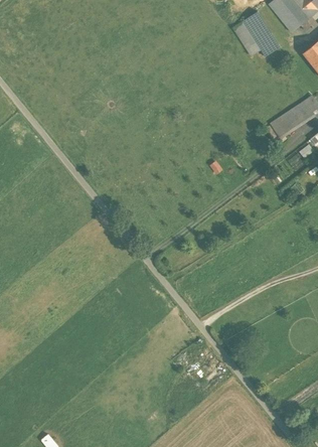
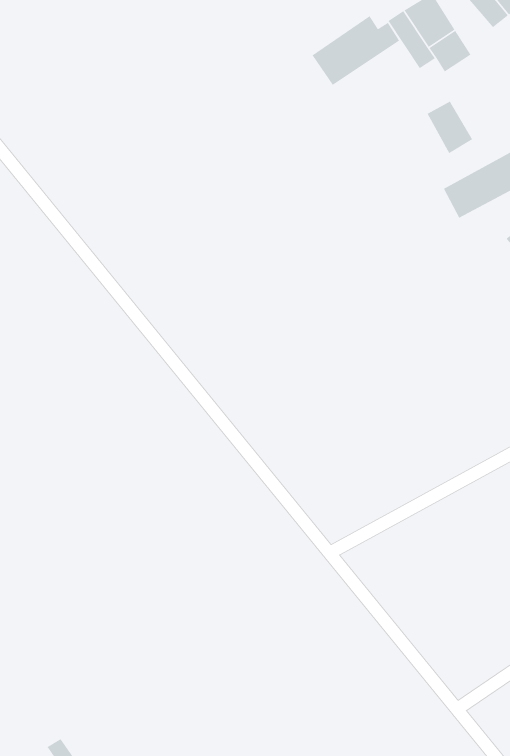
building: none -> [312,15,400,86]
building: none -> [427,100,473,154]

